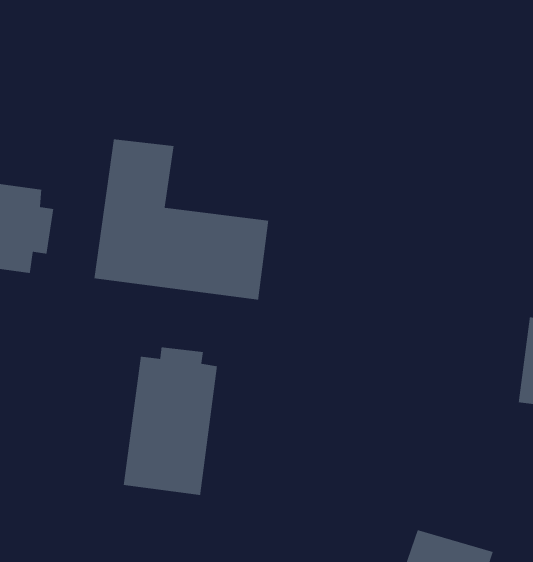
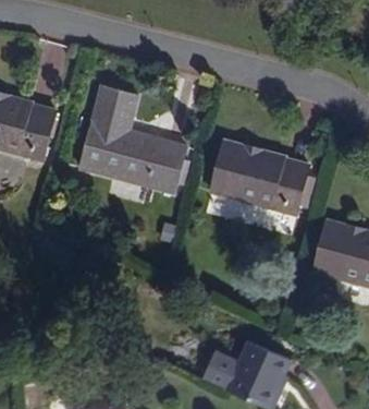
building: none -> [211,143,313,214]
building: [123,346,218,496] -> none

